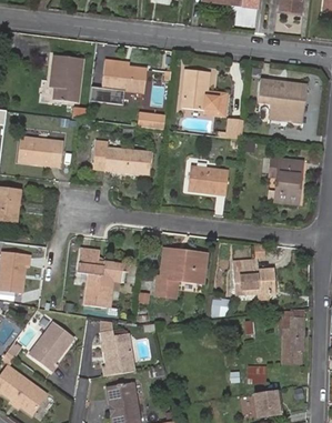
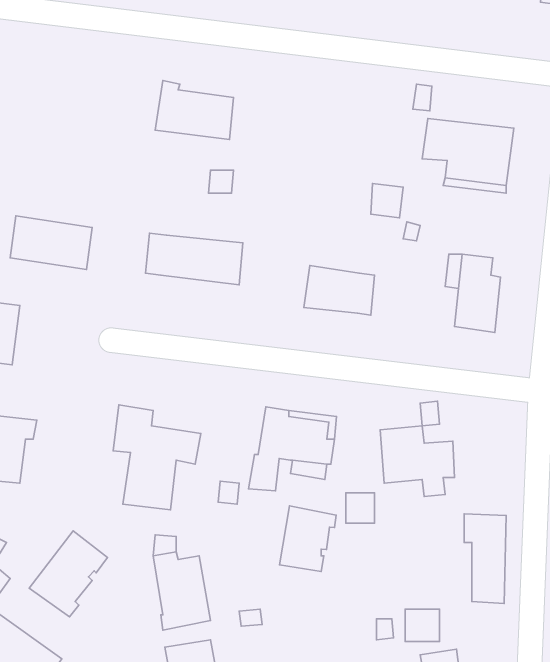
building: [48,53,82,102] -> none
building: [181,68,229,114] -> none
building: none -> [280,506,336,572]

